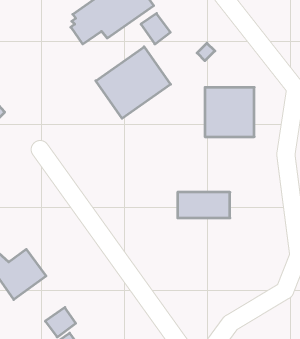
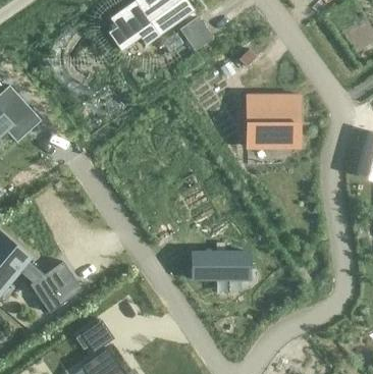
building: [96,47,171,118] -> none
building: [178,192,230,218] -> [193,253,247,279]

